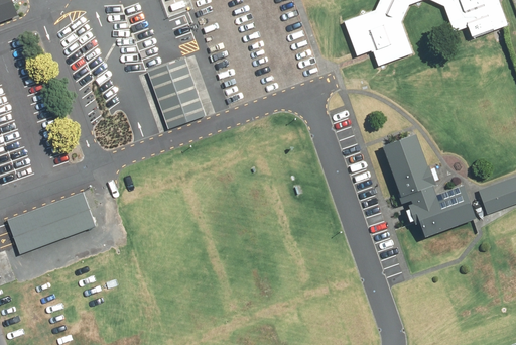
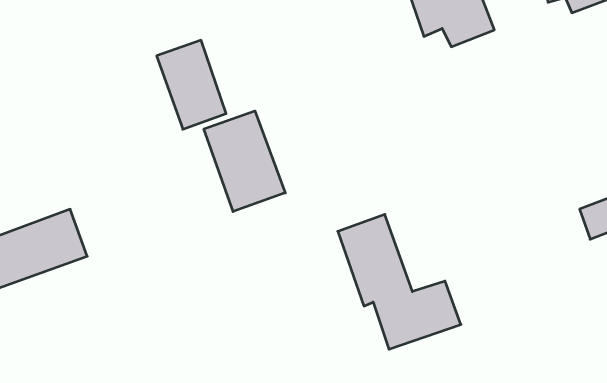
building: none -> [204,111,285,212]
building: [382,133,477,237] -> [338,214,461,349]

